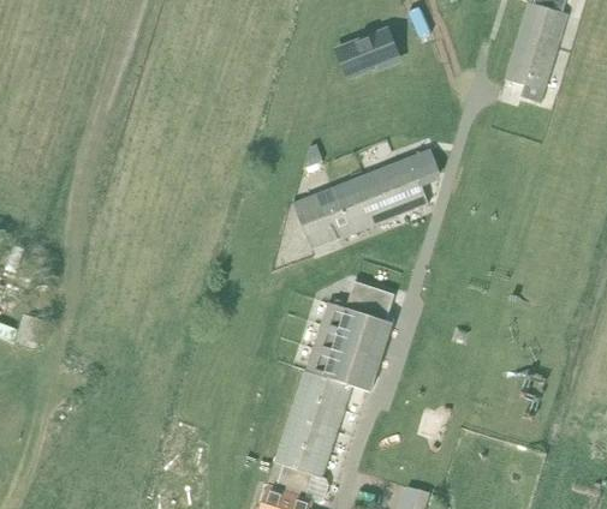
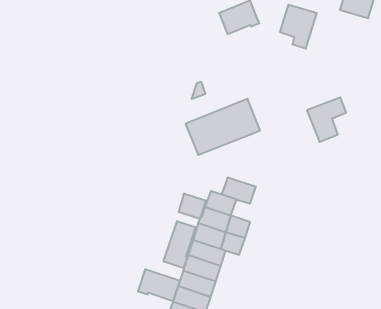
building: [502,41,555,103] -> [280,5,317,49]
building: [382,150,439,214] -> [307,97,346,142]
building: none -> [179,193,206,219]
building: [358,312,393,345] -> none
building: none -> [164,221,196,268]
building: none -> [138,269,180,301]

